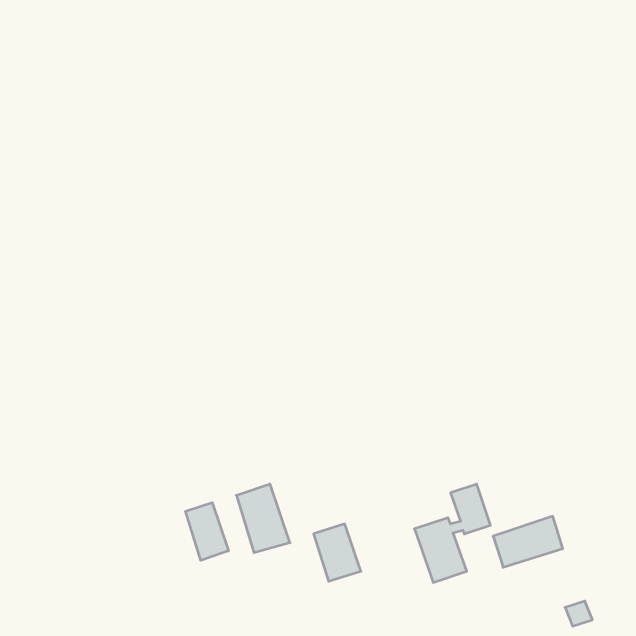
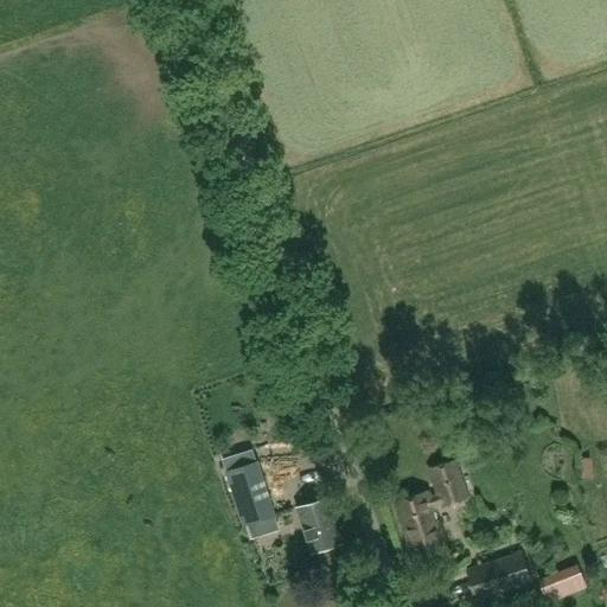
building: [186,503,228,560] -> none
building: [493,516,563,567] -> [467,551,533,600]

